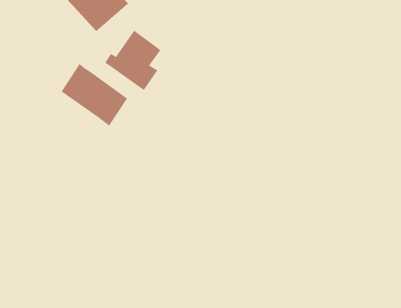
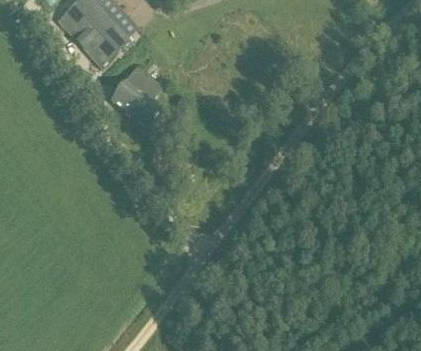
building: [61,63,128,127] -> none

